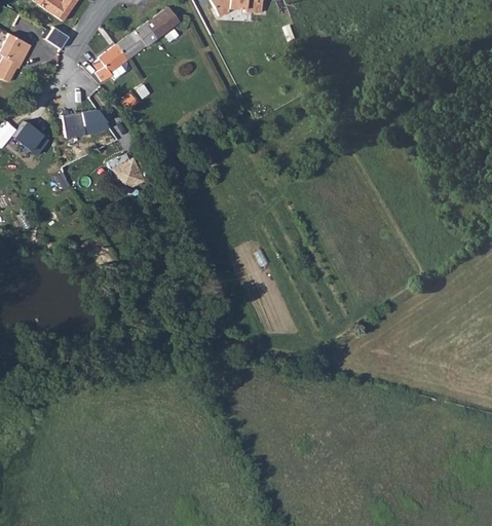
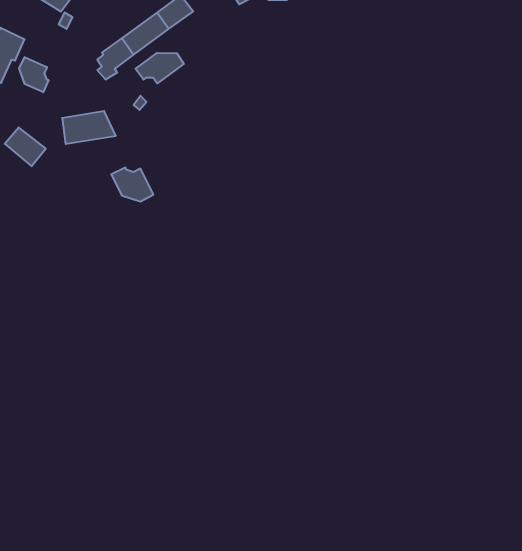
building: none -> [135,53,184,83]
building: none -> [19,57,49,92]

